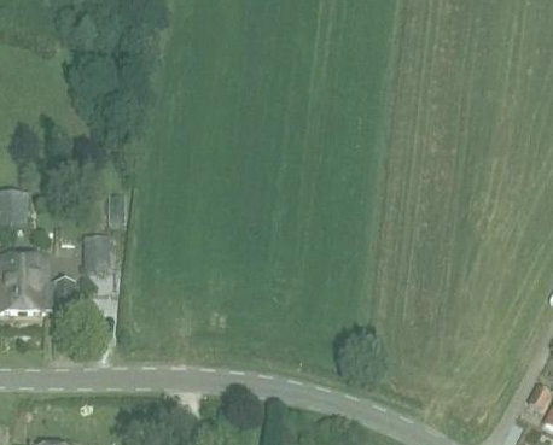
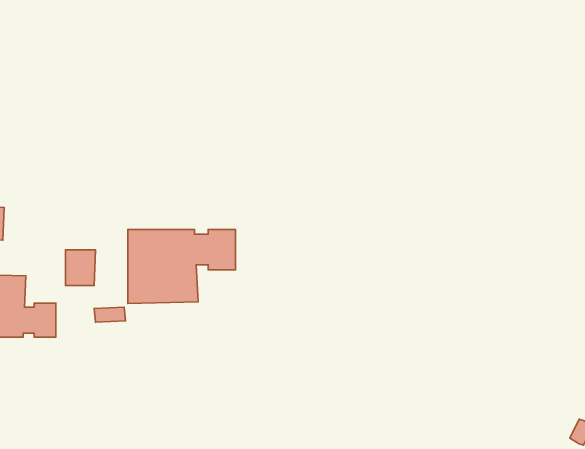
building: none -> [128,229,236,304]

